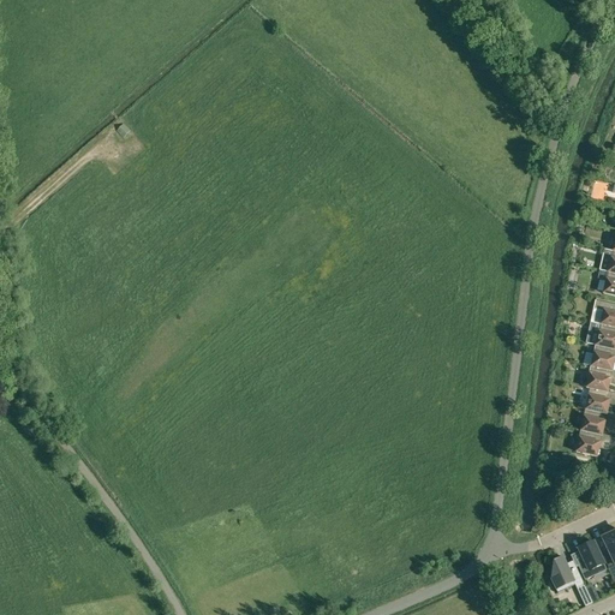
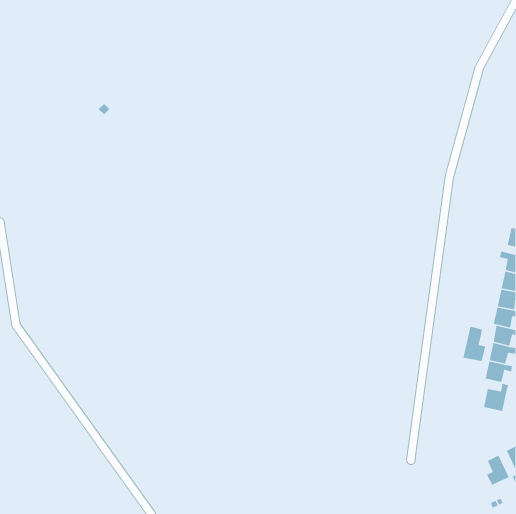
building: none -> [462,326,486,362]
building: none -> [483,383,509,412]
building: [551,555,585,589] -> none

